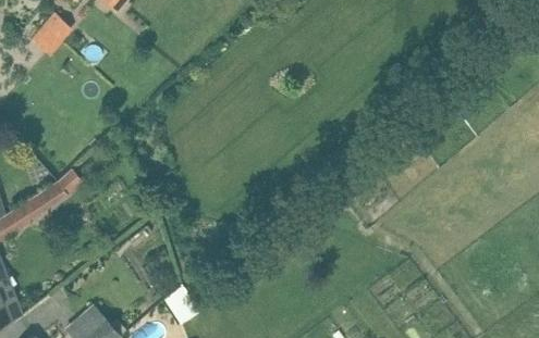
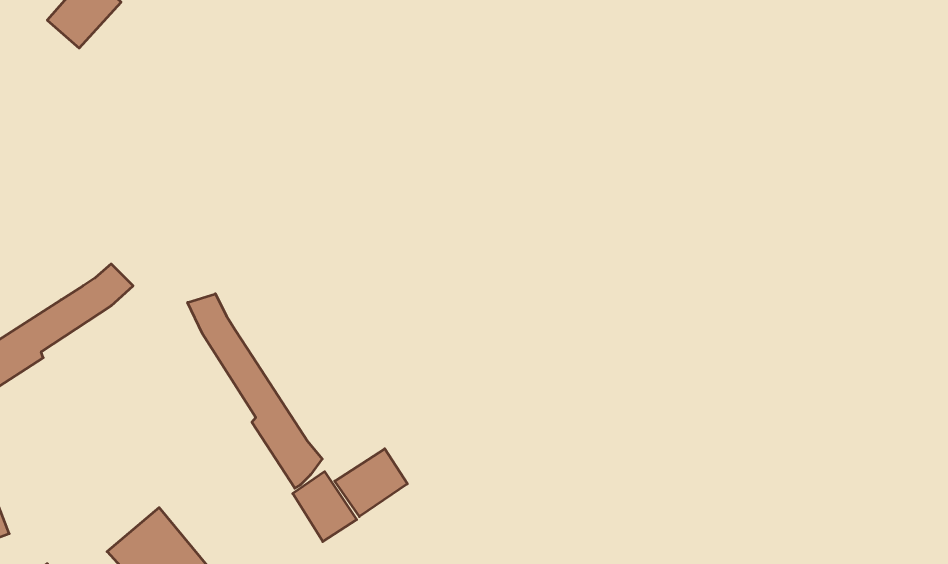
building: none -> [188,294,322,488]
building: none -> [335,449,407,517]

